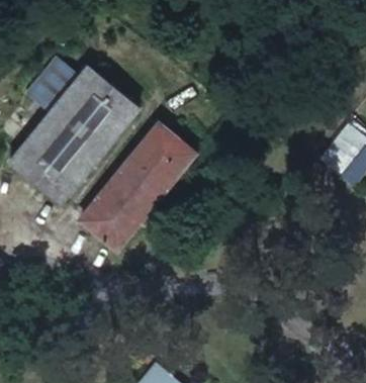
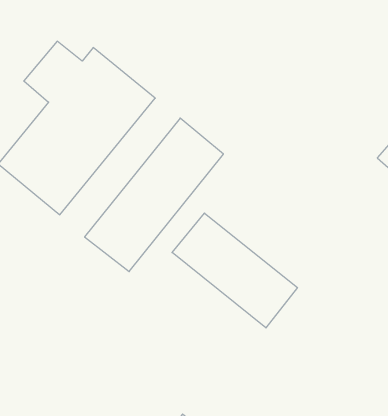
building: none -> [172,213,297,328]

